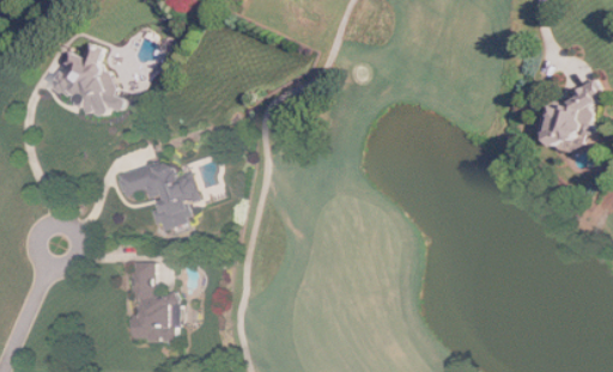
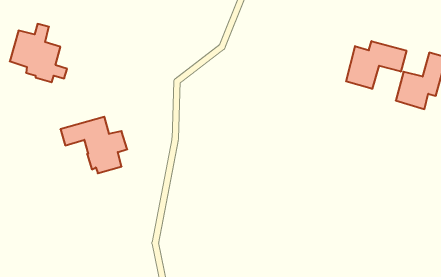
building: none -> [346,41,406,89]
building: [132,262,180,342] -> none

